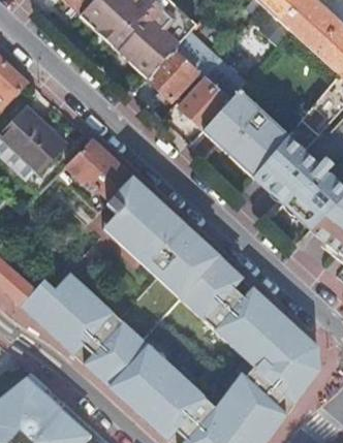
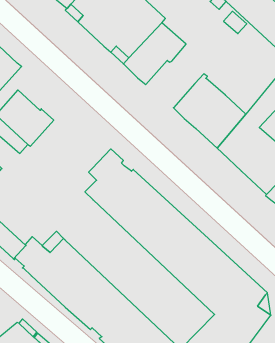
building: [180,56,247,129] -> none
building: [67,140,132,199] -> none

